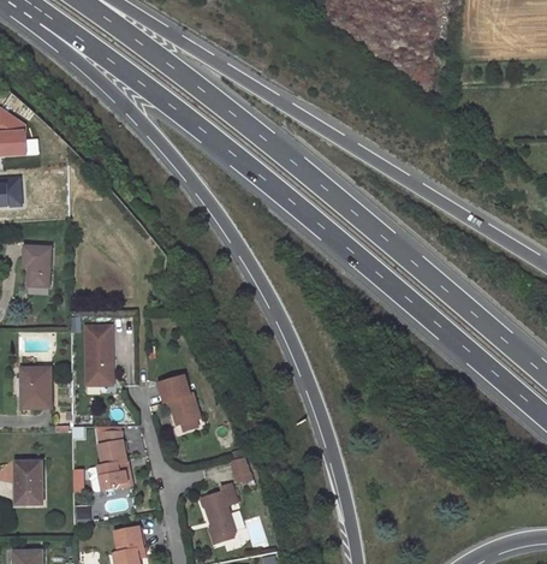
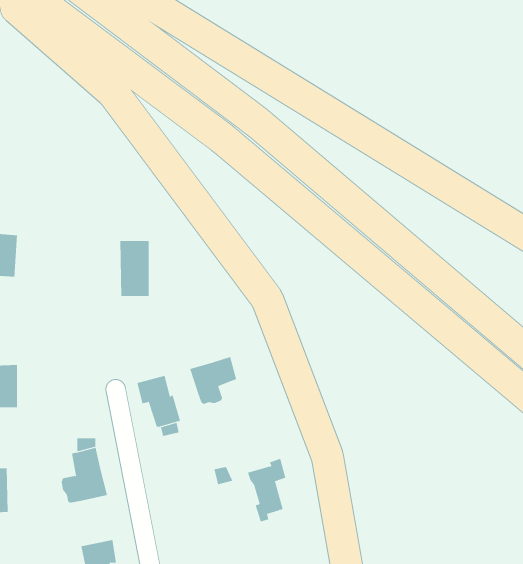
building: [85,328,113,380] -> [119,241,149,297]
building: none -> [190,356,237,405]
building: [200,485,236,544] -> [247,458,286,522]

